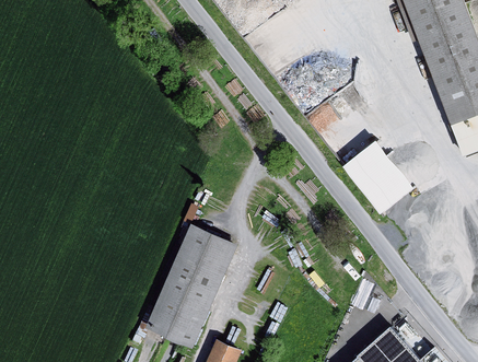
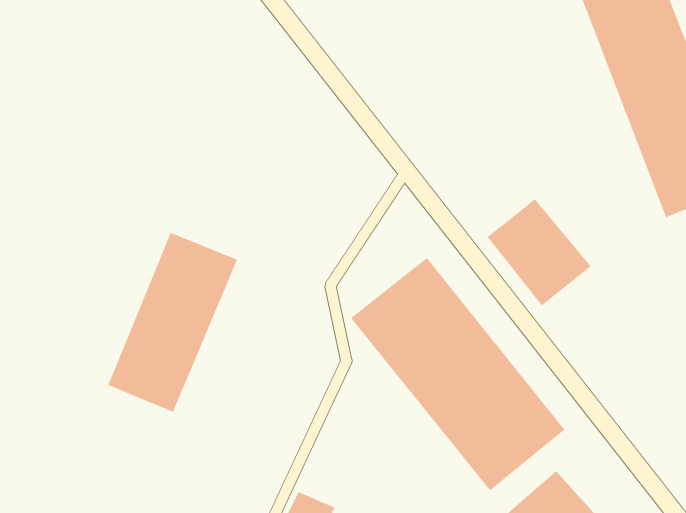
building: none -> [350,257,565,491]
building: [145,226,234,349] -> [107,232,238,412]

